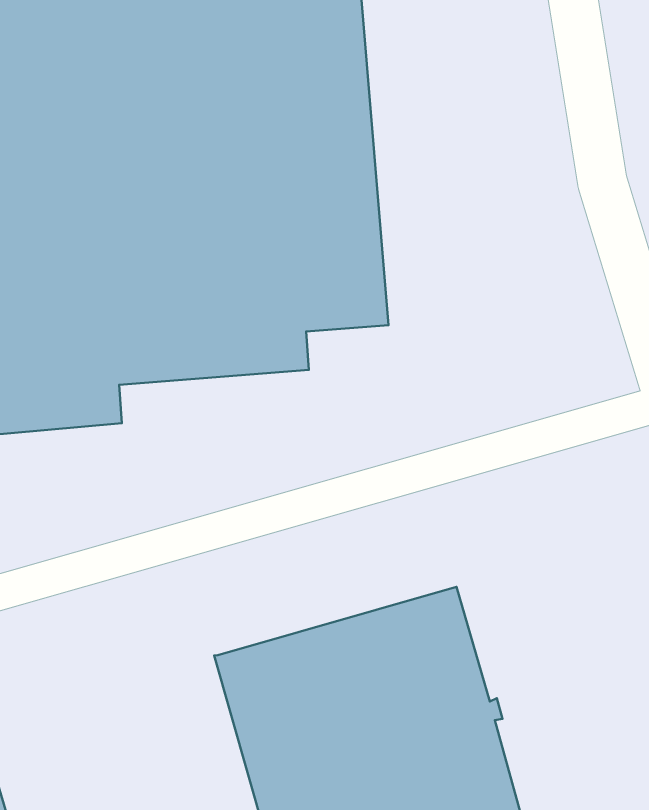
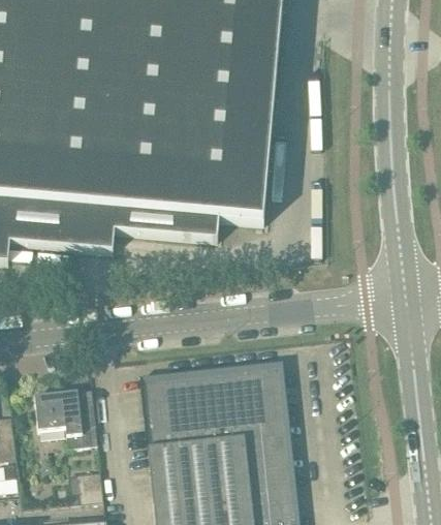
building: none -> [34,390,98,447]

